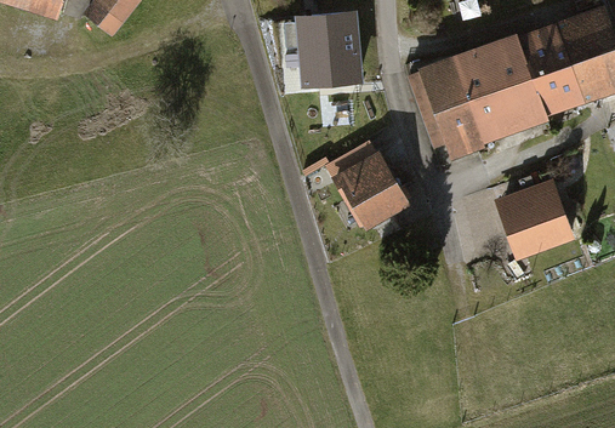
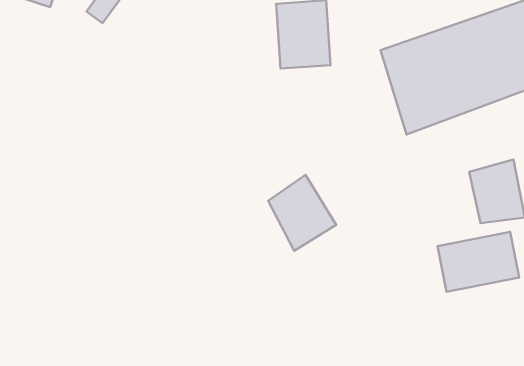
building: [336,147,409,228] -> [268,175,336,251]
building: none -> [438,232,519,292]

